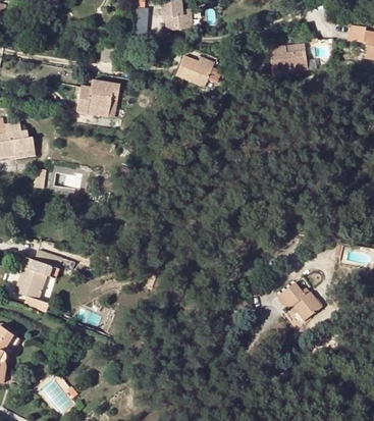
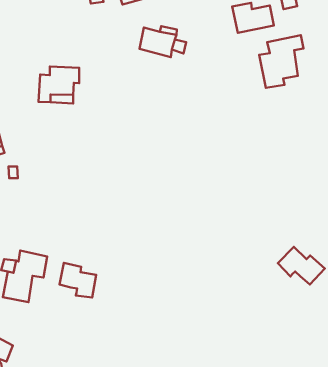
building: none -> [259,35,303,88]
building: none -> [60,263,96,297]

